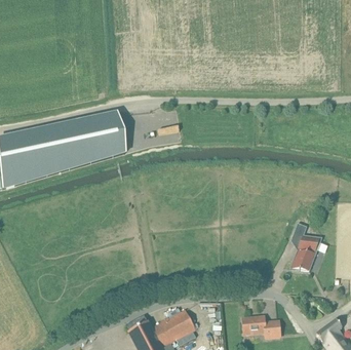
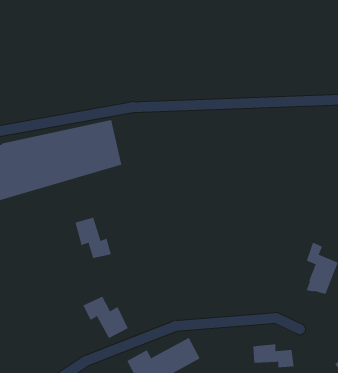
building: none -> [75,217,112,259]
building: none -> [82,296,128,339]

